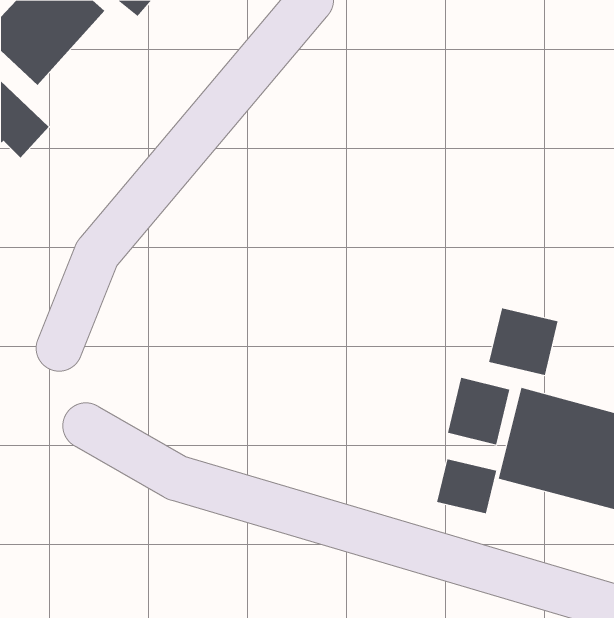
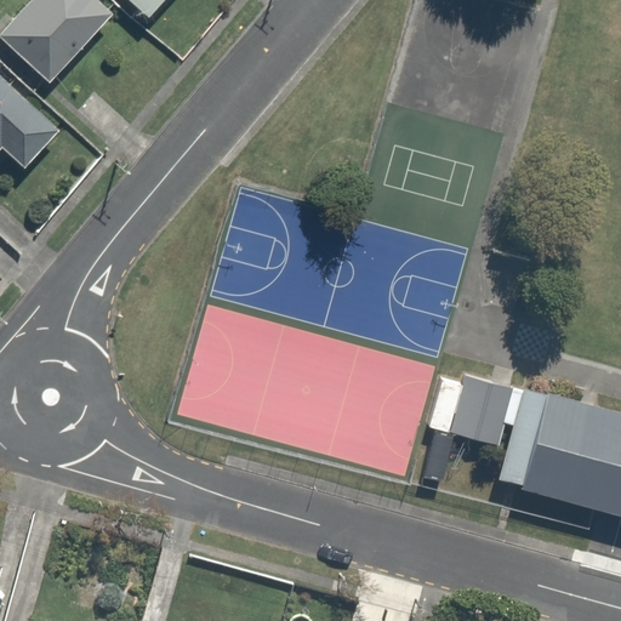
building: [489,308,558,376] -> none
building: [437,458,497,514] -> none

